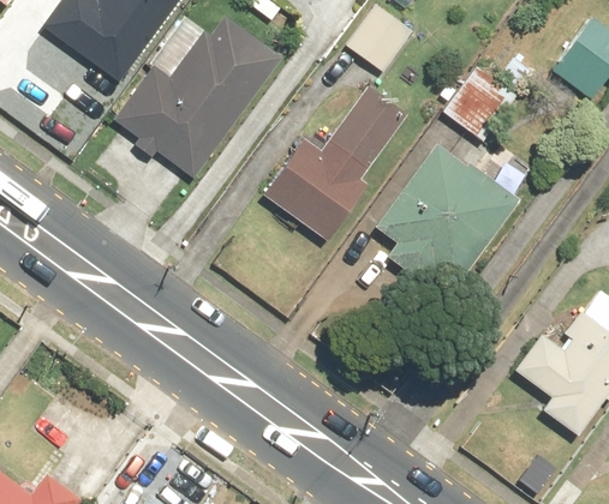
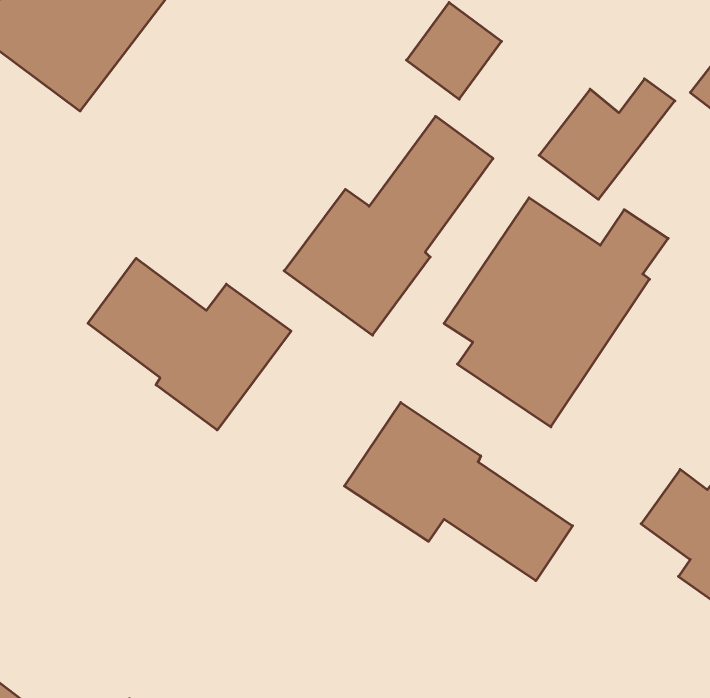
building: [112,16,282,180] -> none
building: none -> [88,258,291,430]
building: none -> [344,402,573,581]

